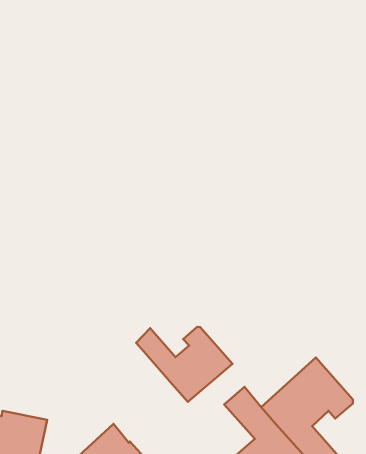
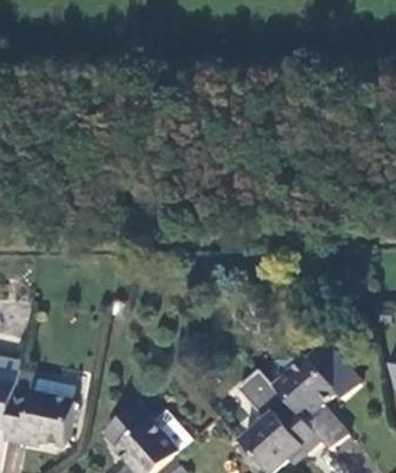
building: [136,327,232,402] -> none

